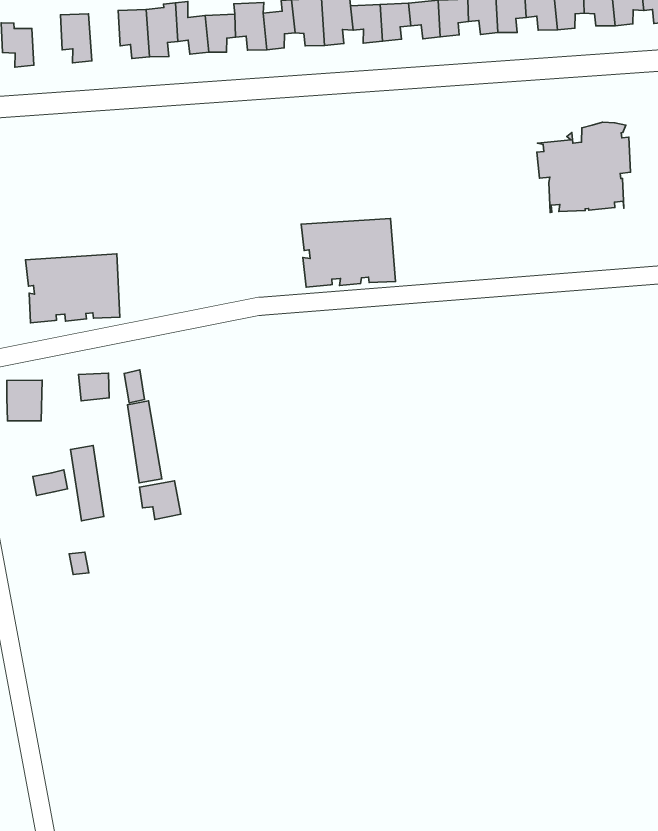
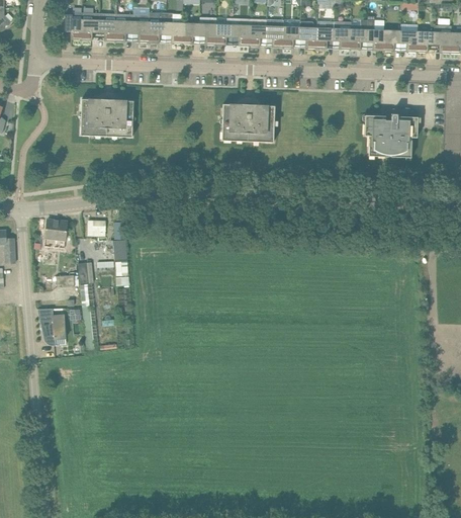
building: none -> [114,13,132,40]
building: none -> [81,12,99,39]
building: [301,218,395,287] -> [221,103,274,142]
building: [26,254,120,323] -> [80,98,133,137]
building: [139,481,181,519] -> none
building: none -> [37,308,65,345]

